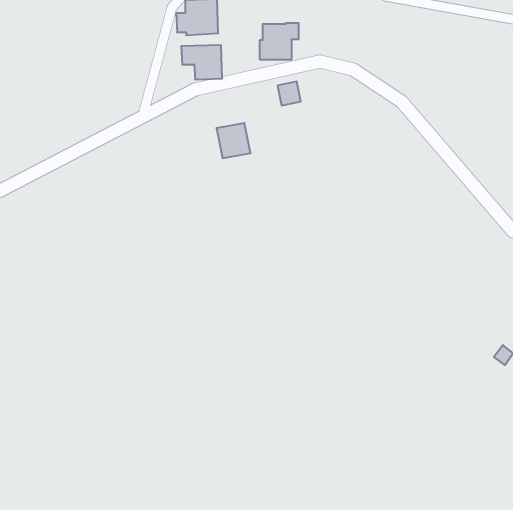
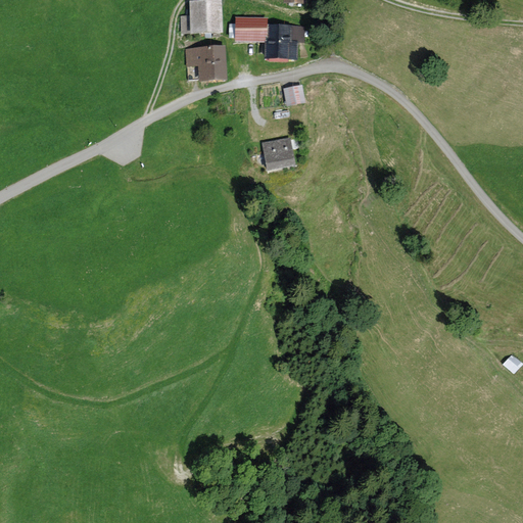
building: none -> [234,15,267,41]
building: [216,123,251,158] -> [260,135,295,171]

